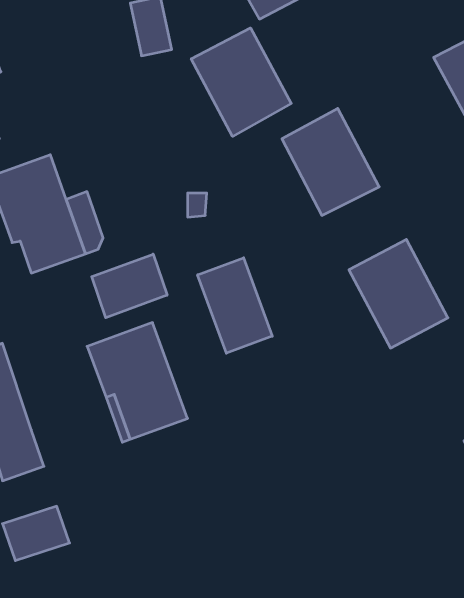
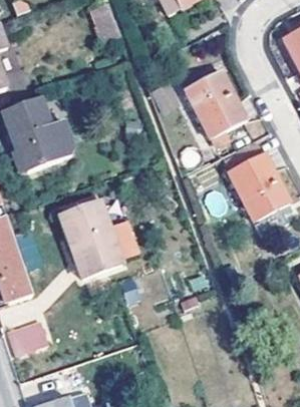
building: [191,28,291,136] -> none
building: [92,254,167,318] -> none
building: [198,258,272,353] -> none

